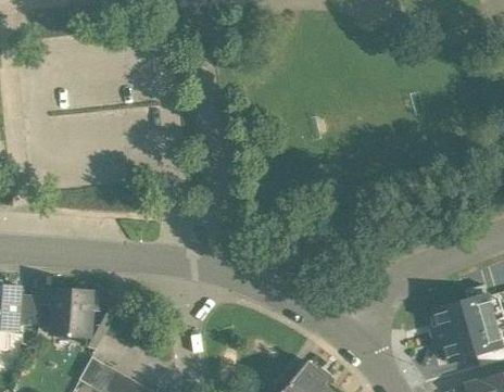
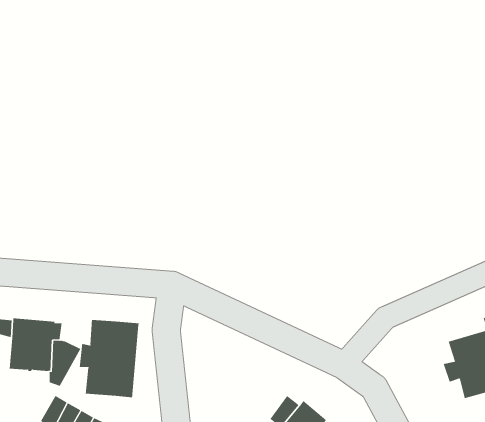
building: none -> [79,319,140,398]

